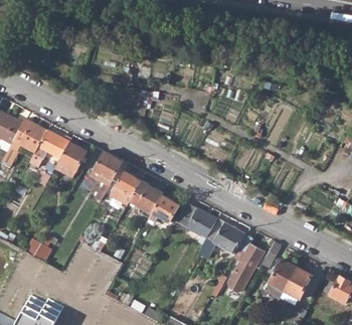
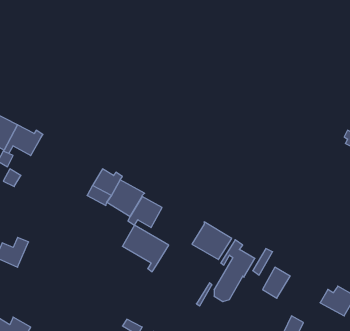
building: [54,142,86,178] -> none
building: [91,152,121,200] -> none
building: [175,202,217,245] -> [122,225,169,272]
building: [284,268,311,296] -> none

